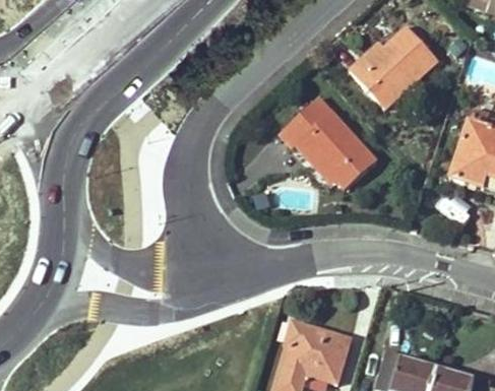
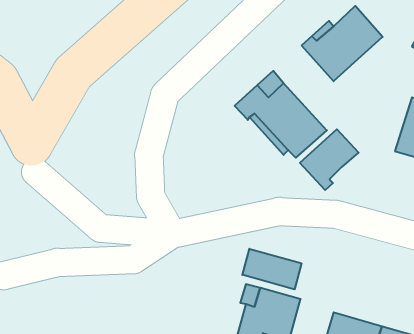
building: none -> [300,129,359,190]
building: none -> [242,249,301,289]

